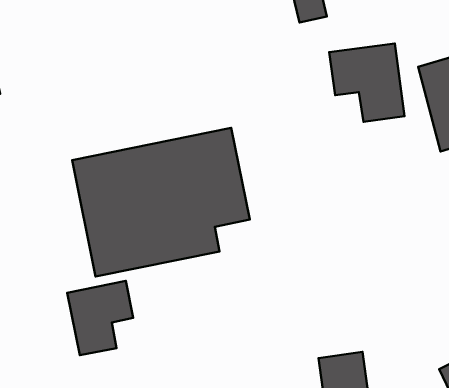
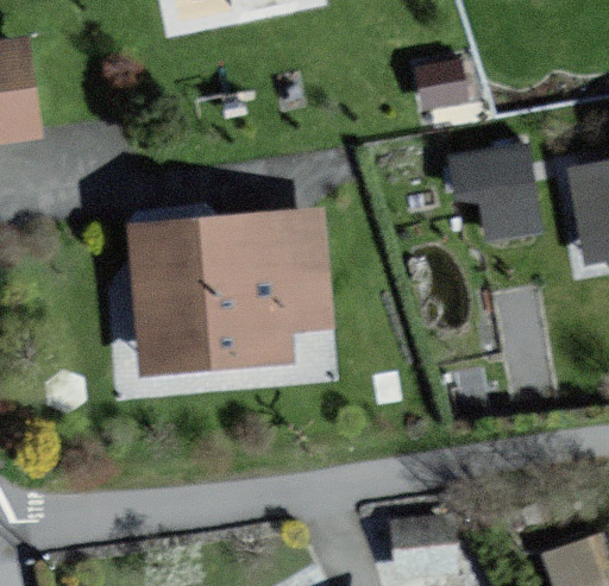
building: [67,281,133,355] -> none

